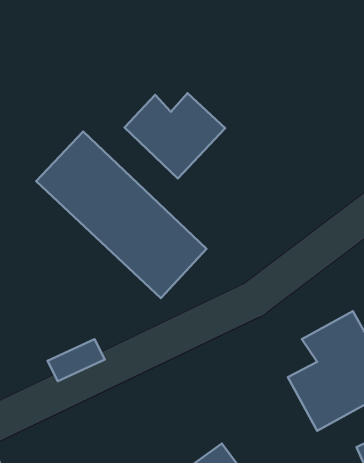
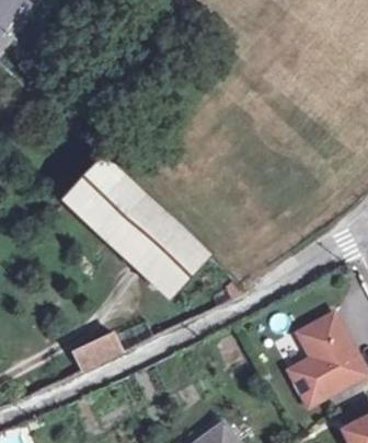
building: [125,93,225,179] -> none

